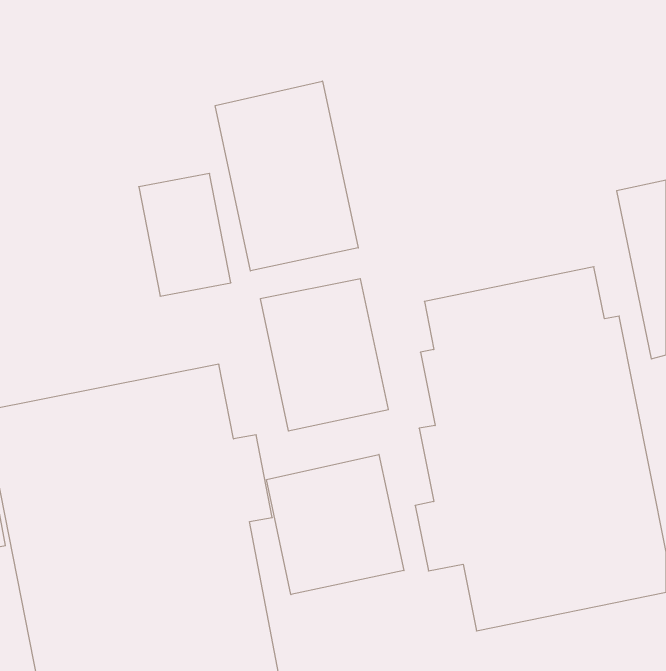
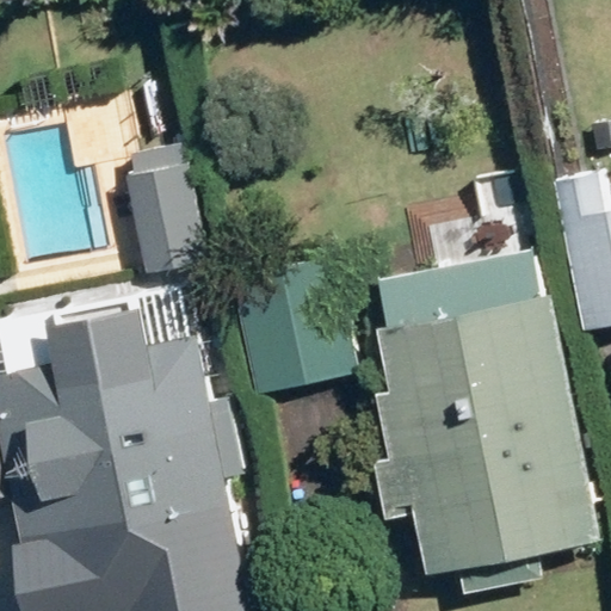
building: [215,81,358,271] -> none
building: [267,454,404,595] -> none

